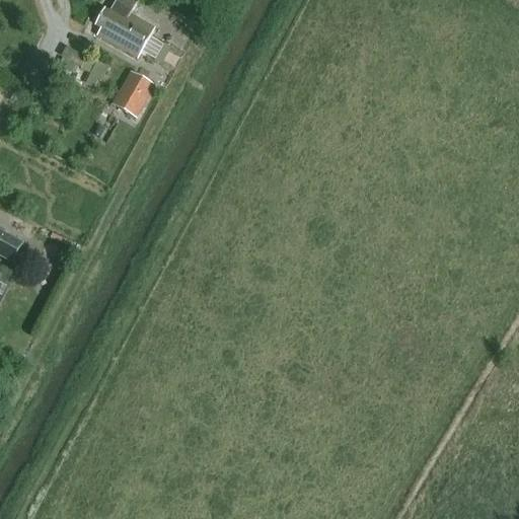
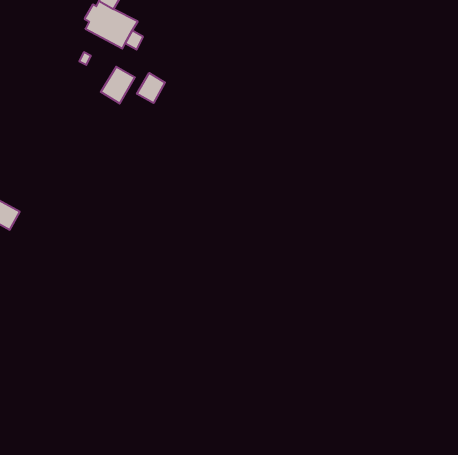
building: none -> [137,73,165,103]

